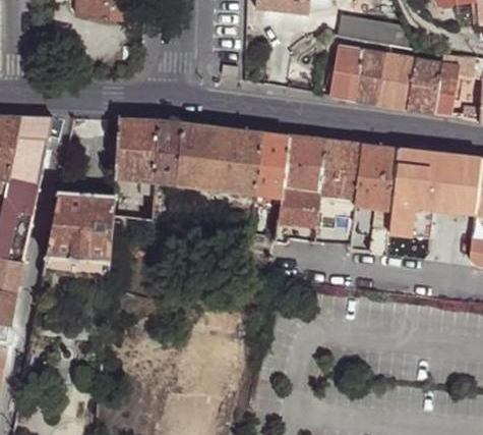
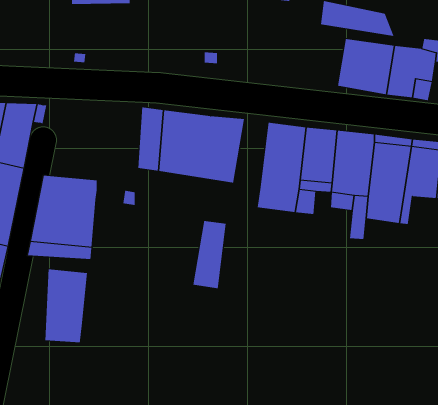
building: [328,46,365,99] -> none
building: [116,118,159,182] -> none
building: [252,132,287,202] -> [192,221,227,289]
building: none -> [45,269,88,343]

